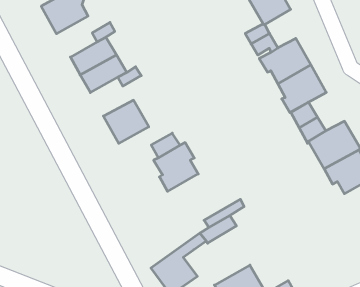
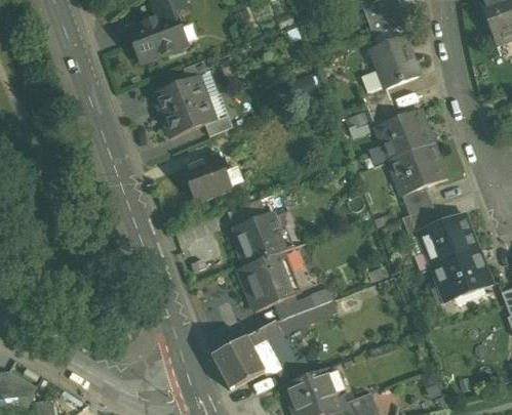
building: none -> [238,251,294,310]
building: none -> [265,331,297,368]

